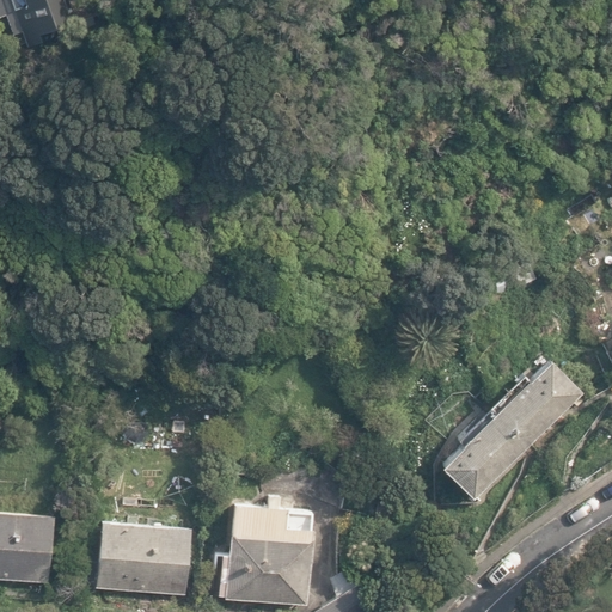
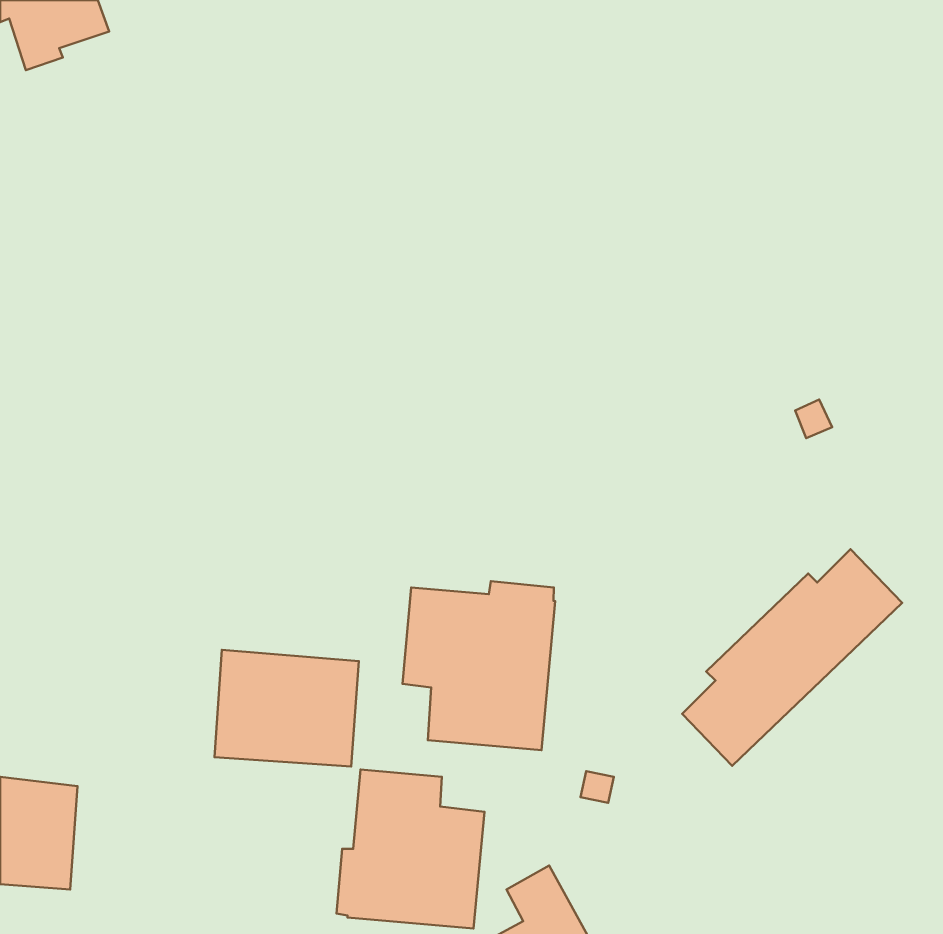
building: none -> [403,581,555,750]
building: [94,519,188,594] -> [214,650,359,766]

